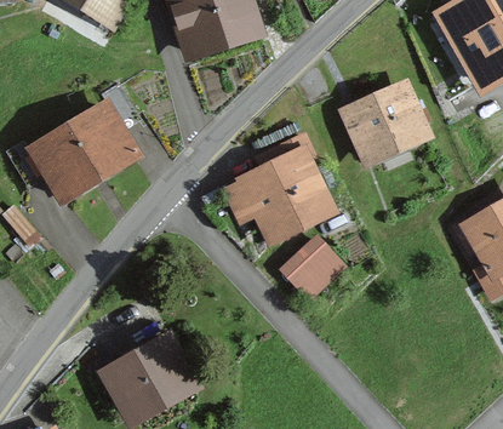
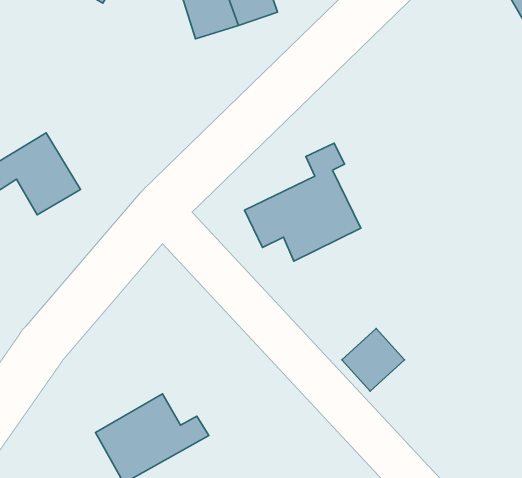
building: [68,85,133,177] -> none
building: [356,91,422,154] -> none
building: [284,242,335,293] -> [342,329,404,391]

